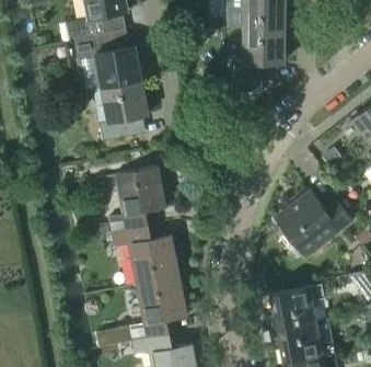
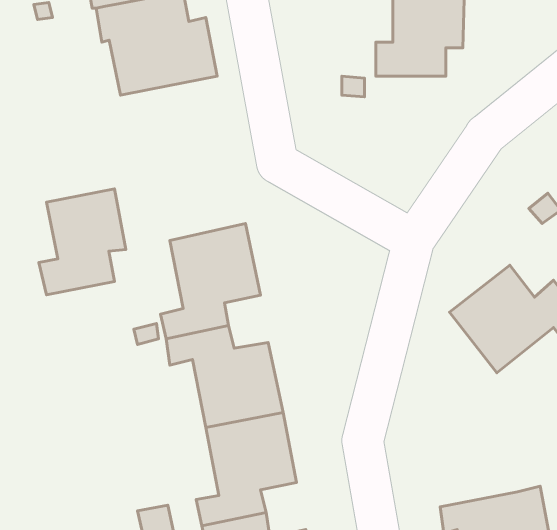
building: [97,80,148,141] -> [39,189,126,295]
building: [267,284,325,330] -> none

